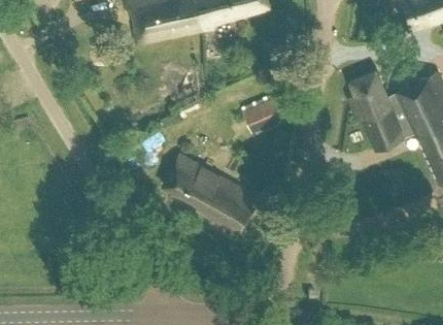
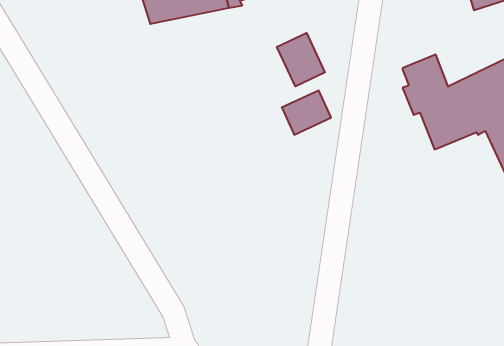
building: none -> [277,33,325,86]
building: [163,154,258,232] -> none

